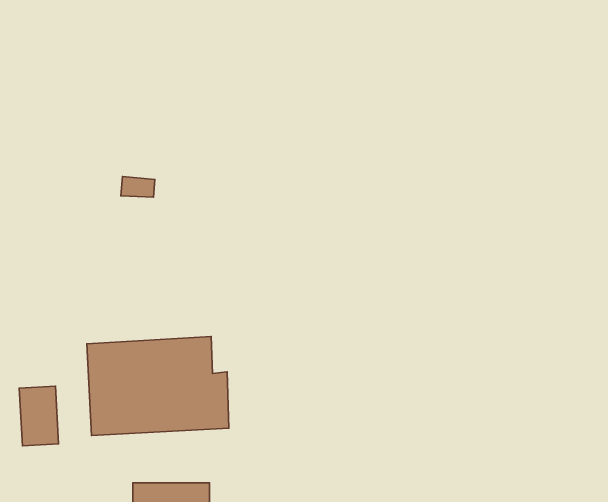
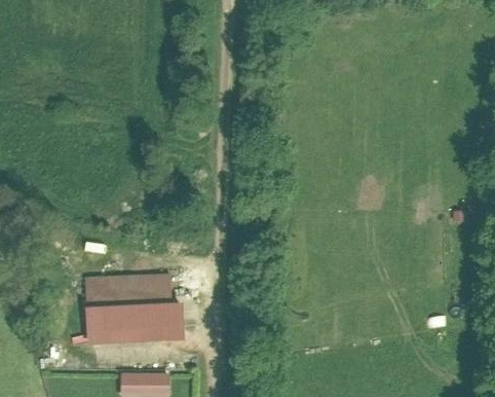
building: [19,386,59,446] -> none

